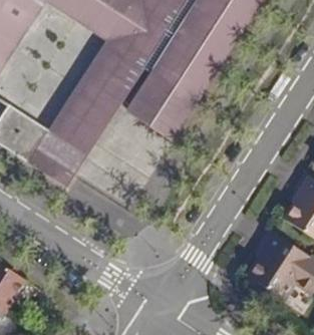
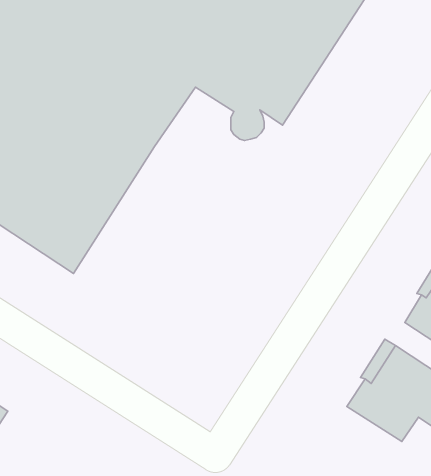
building: [122,64,207,137] -> none

